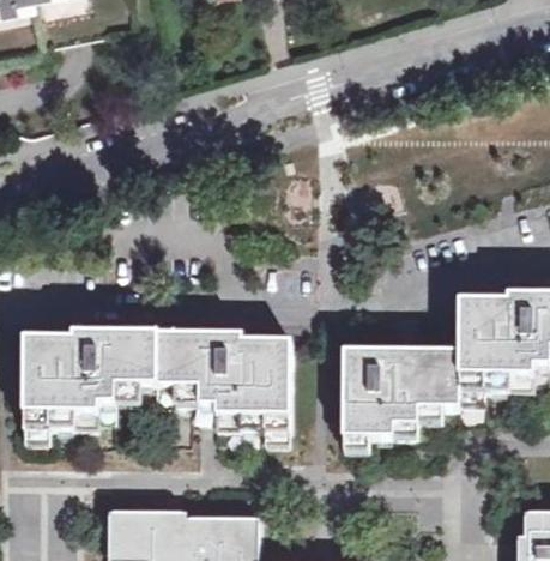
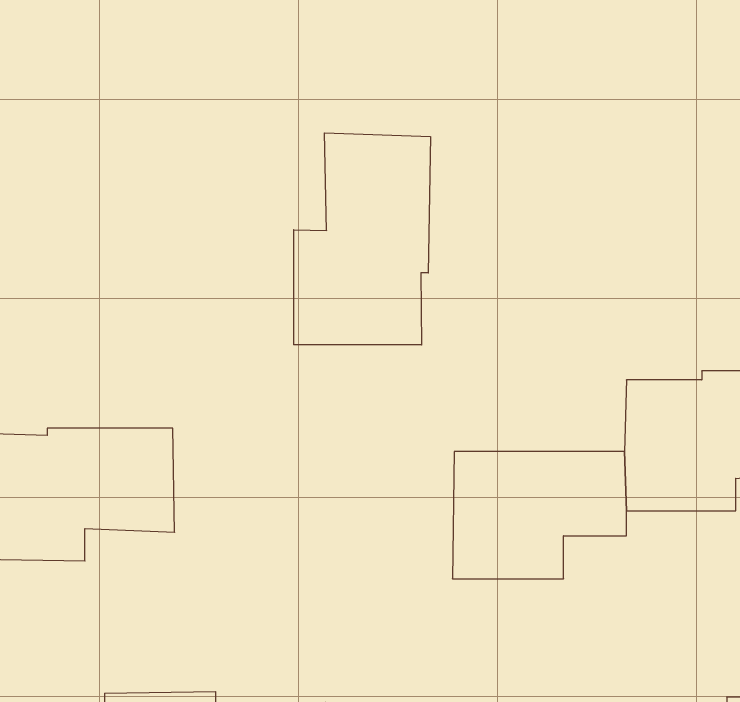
building: none -> [294,133,430,345]
building: [159,338,294,432] -> none

